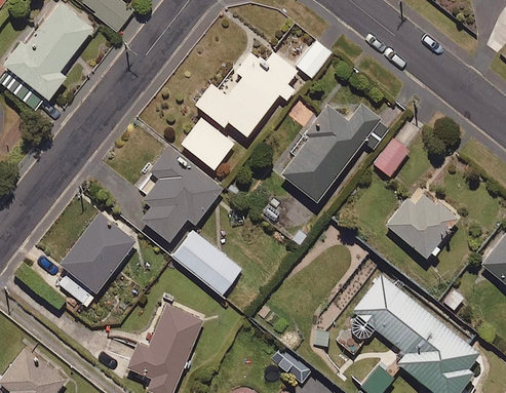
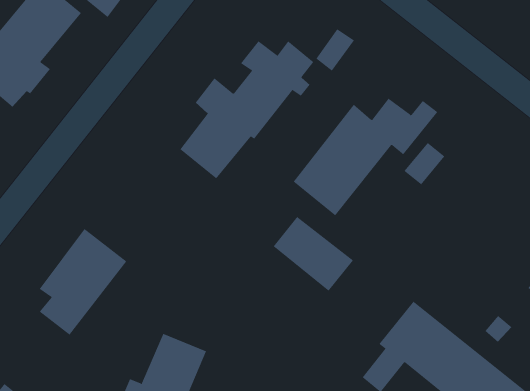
building: [140,146,222,250] -> none
building: [386,187,457,259] -> none
building: [172,231,242,296] -> [273,216,354,291]

